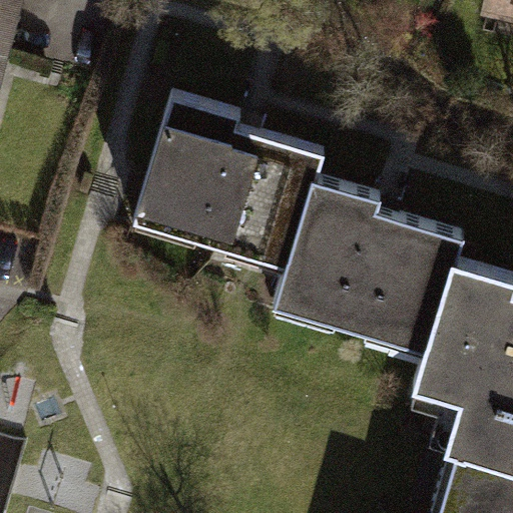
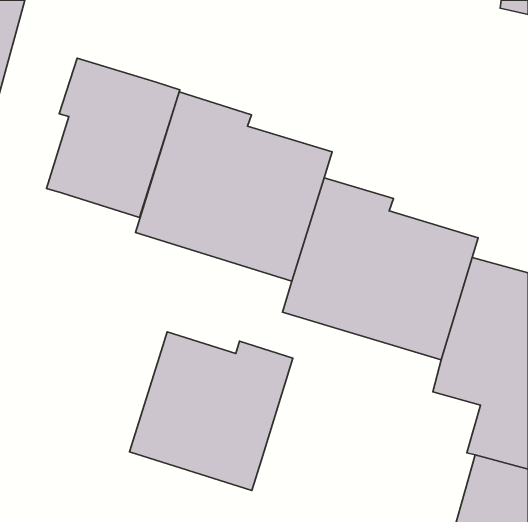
building: none -> [46,58,180,217]
building: none -> [130,332,293,490]

